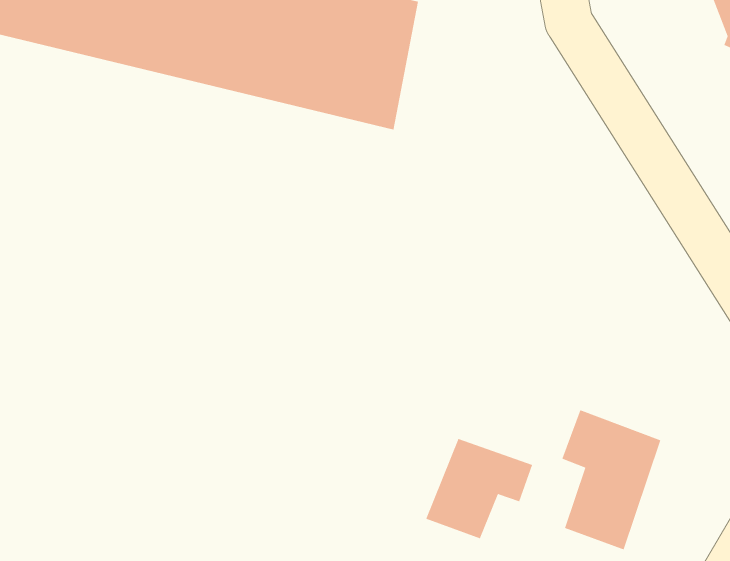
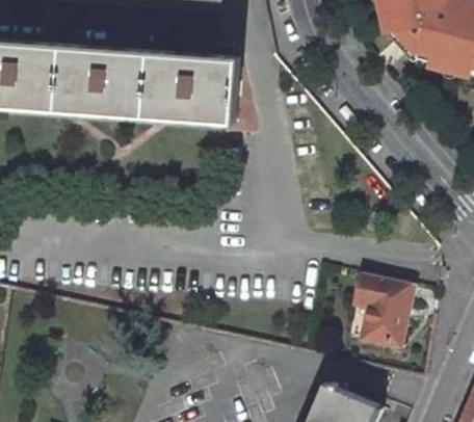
building: [425,438,533,539] -> none

